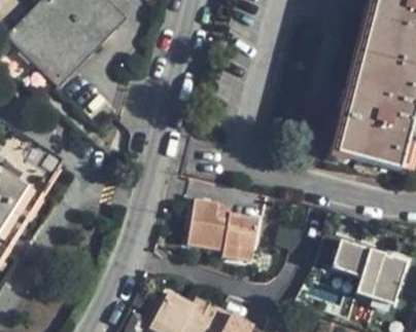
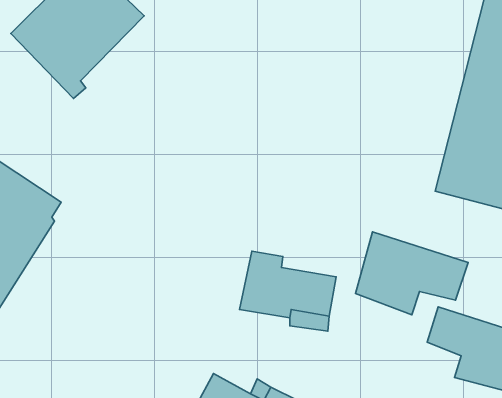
building: none -> [356,232,468,315]

